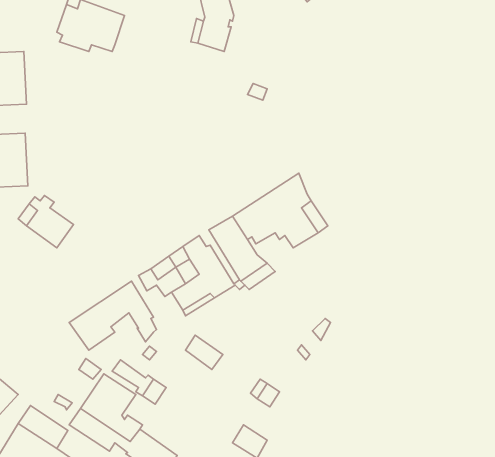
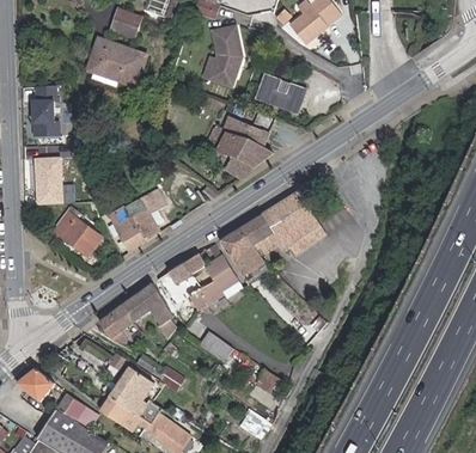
building: none -> [257,74,307,114]
building: none -> [205,116,276,178]
building: none -> [109,189,166,252]

